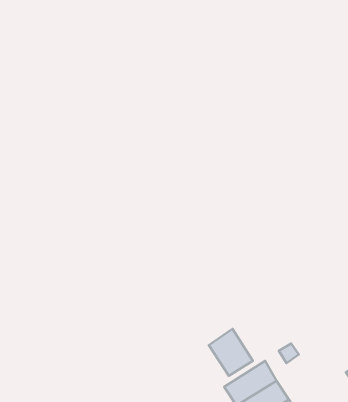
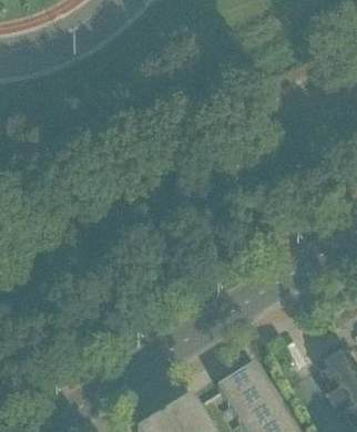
building: [209,329,253,376] -> none

